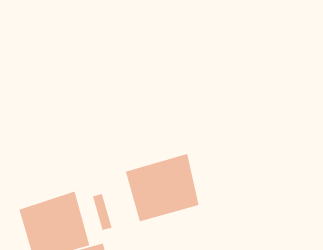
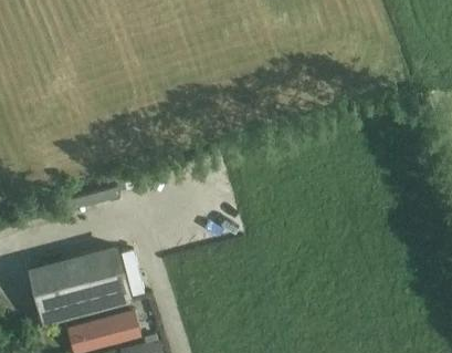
building: [125,153,199,222] -> none

